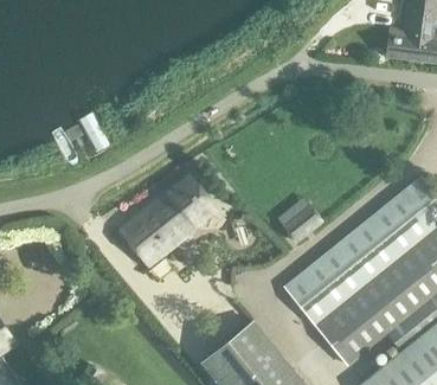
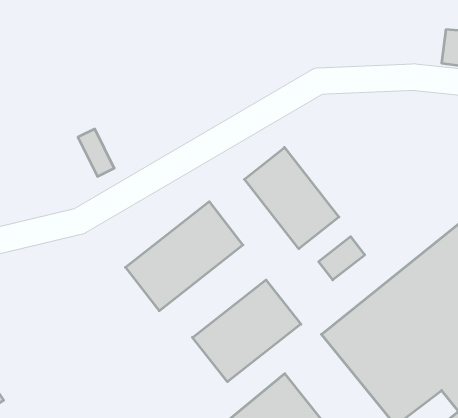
building: none -> [244,147,339,249]
building: none -> [192,280,301,382]

